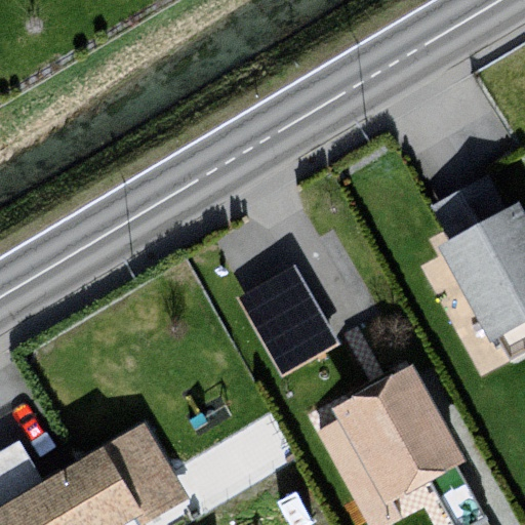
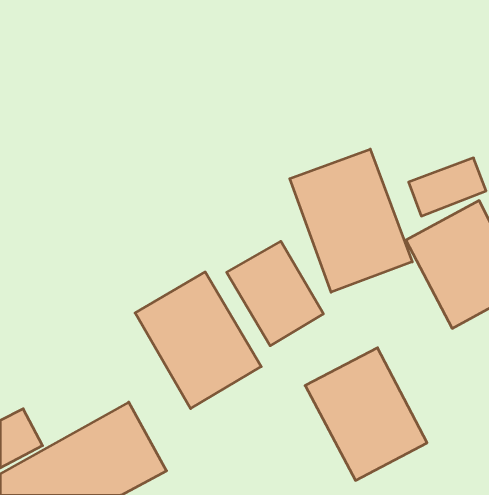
building: none -> [290,149,412,292]
building: none -> [135,272,261,409]

